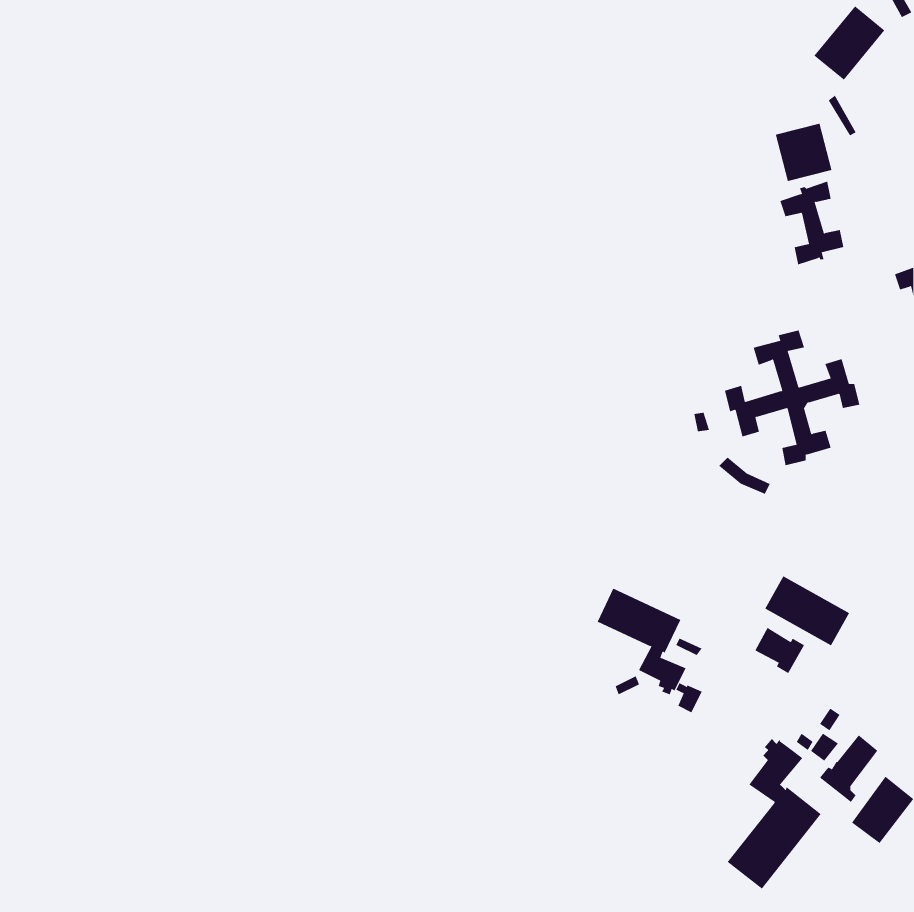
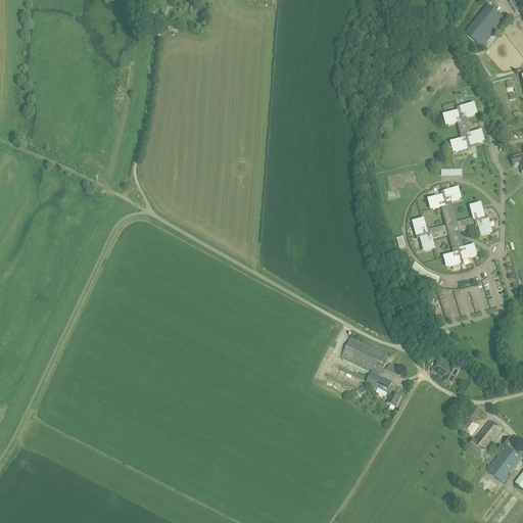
building: [775,123,832,182] -> none
building: [764,575,850,646] -> none
building: [727,738,821,889] -> none

